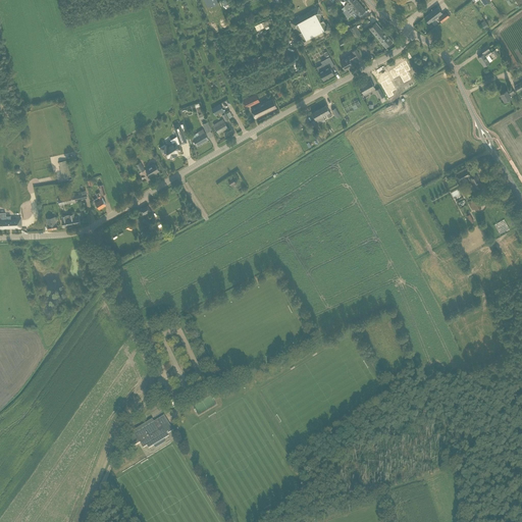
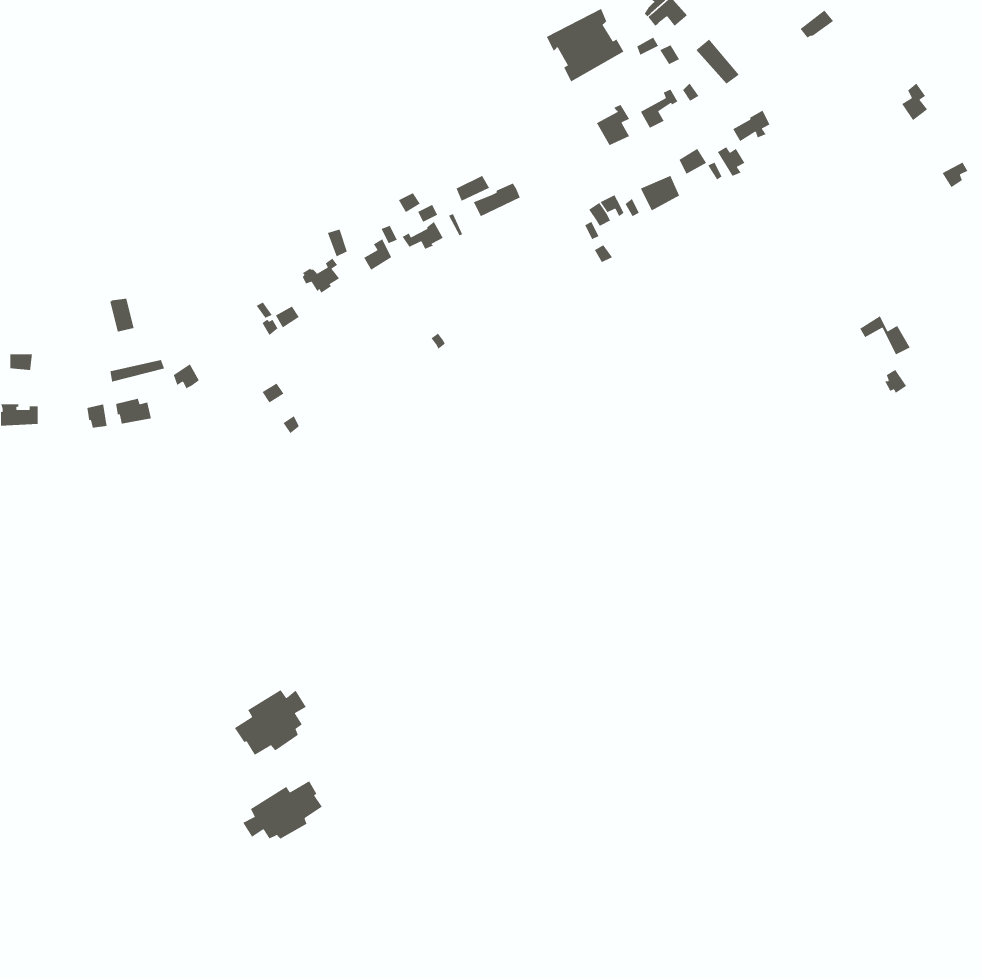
building: none -> [234,689,307,756]

